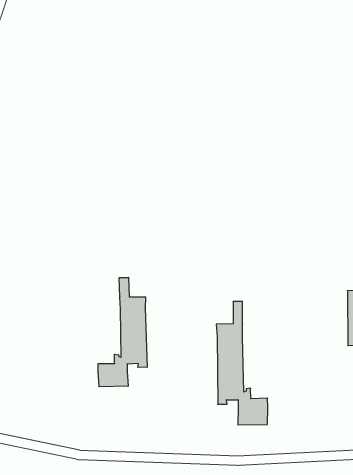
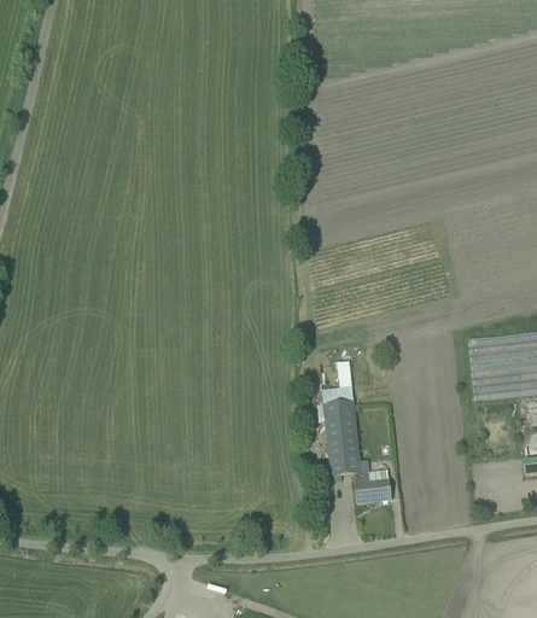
building: [98,277,147,387] -> none

